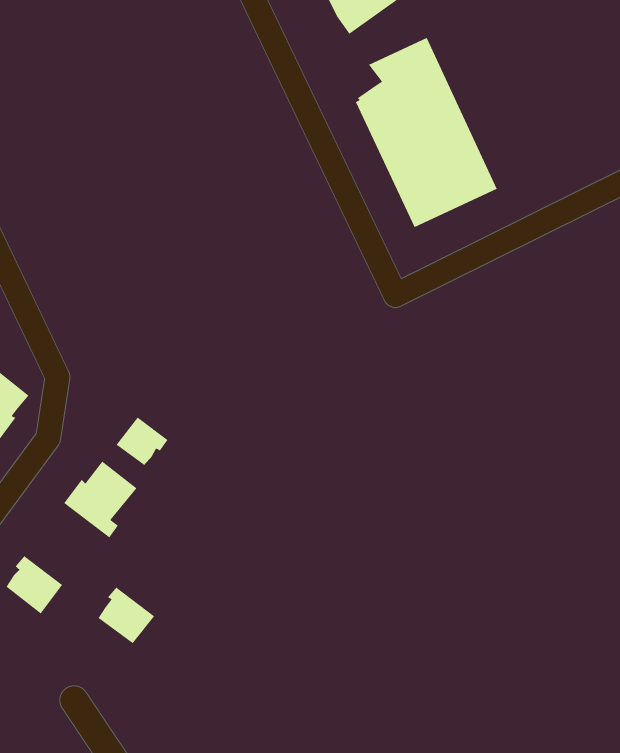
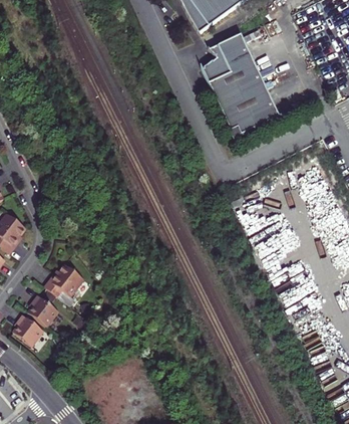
building: [115,416,168,466] -> none
building: [97,586,155,644] -> [27,294,58,326]

